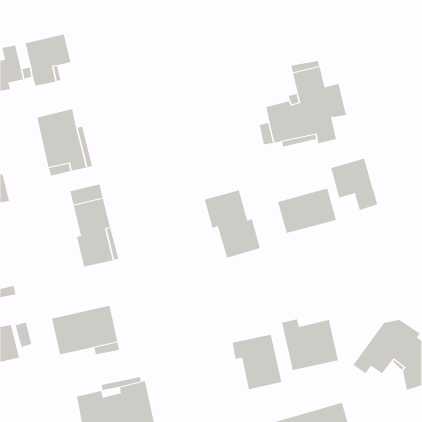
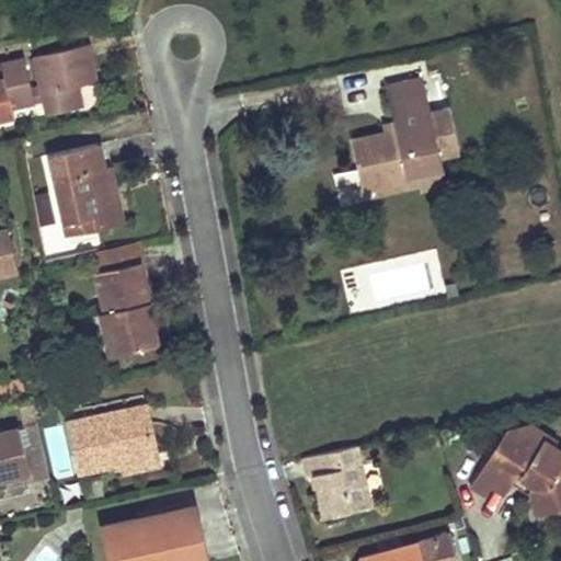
building: [330,158,378,211] -> none
building: [204,189,261,259] -> none
building: [281,318,338,371] -> none

